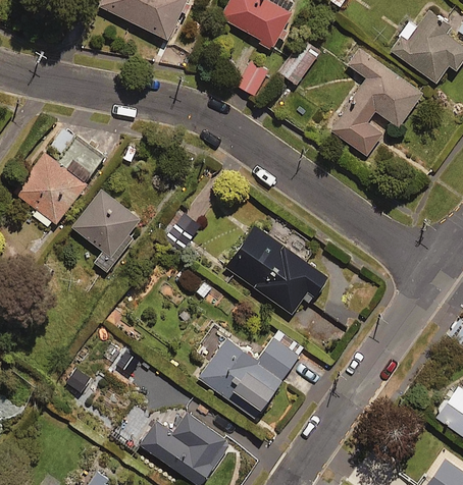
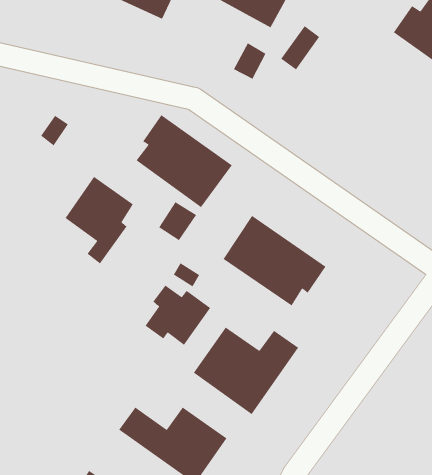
building: [329,48,423,157] -> none
building: none -> [135,114,233,208]
building: [14,142,102,230] -> none
building: none -> [144,285,211,346]

